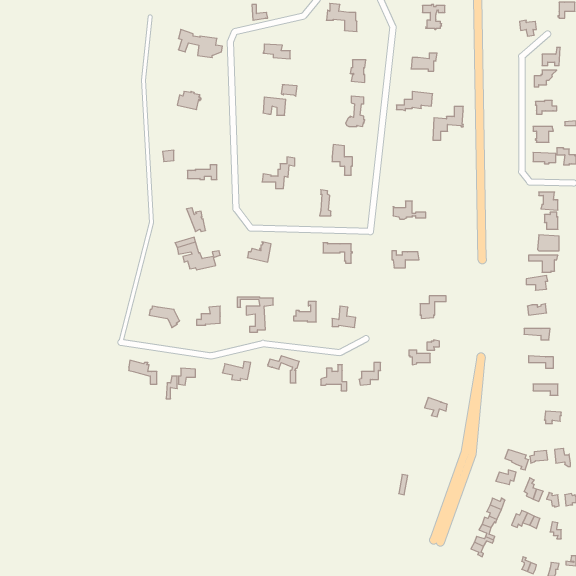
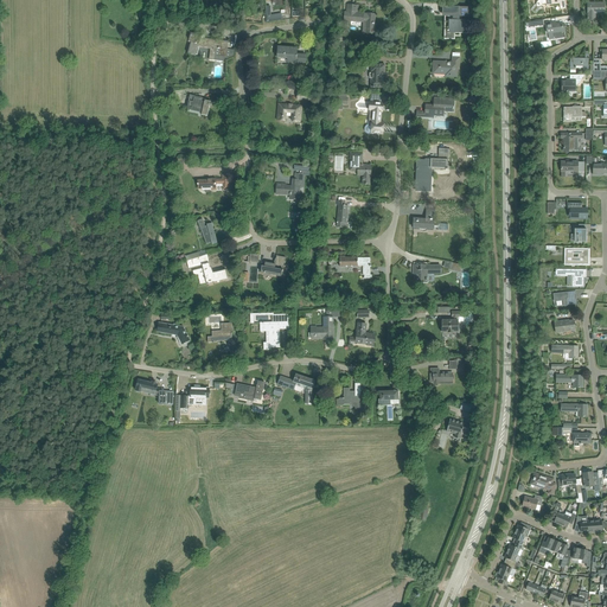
building: [433,106,463,140] -> [415,147,447,183]

